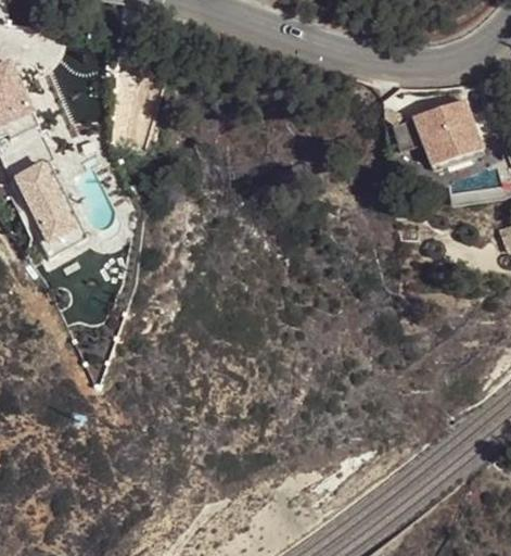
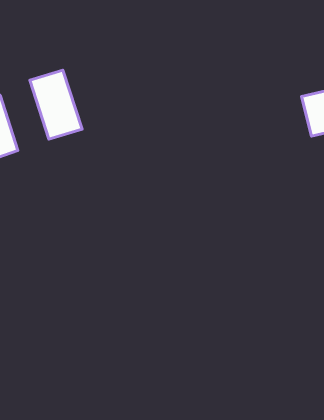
building: none -> [30,70,82,139]

